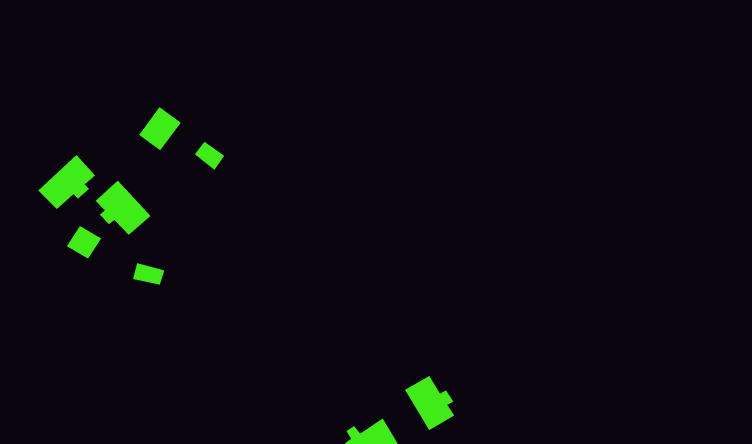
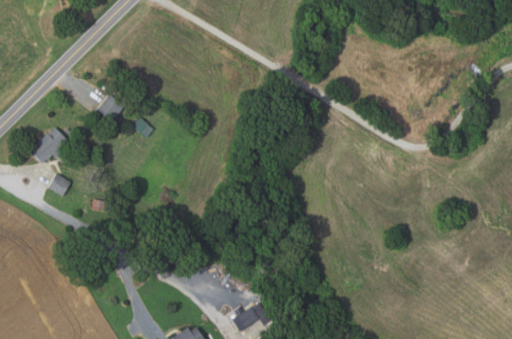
building: [95,180,151,236] -> none
building: [404,375,455,431] -> none

